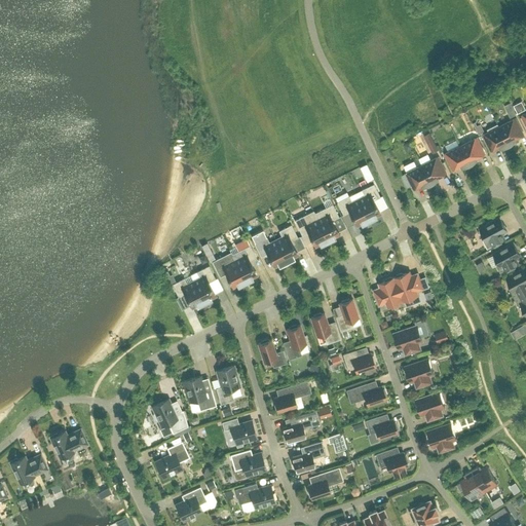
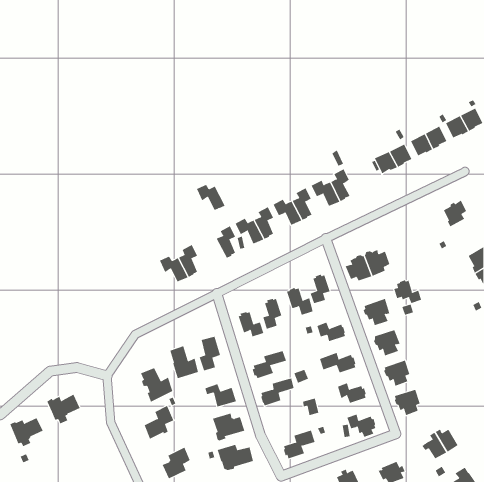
building: [494,243,520,273] -> none
building: [214,259,246,288] -> [196,184,225,211]
building: none -> [393,279,422,304]
building: [292,442,325,472] -> none

